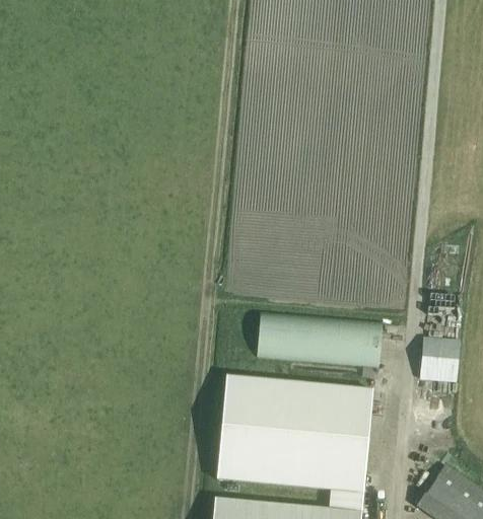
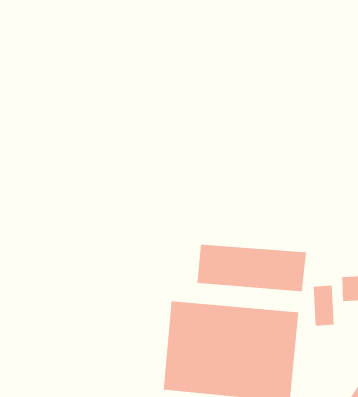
building: none -> [313,285,334,327]

